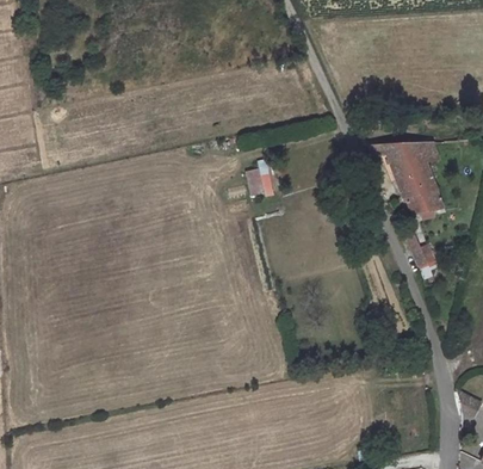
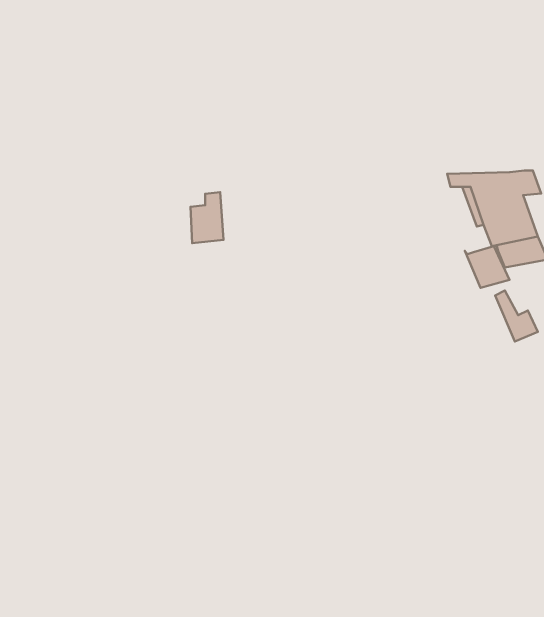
building: [247,160,271,197] -> [190,192,223,243]
building: none -> [465,246,510,288]

